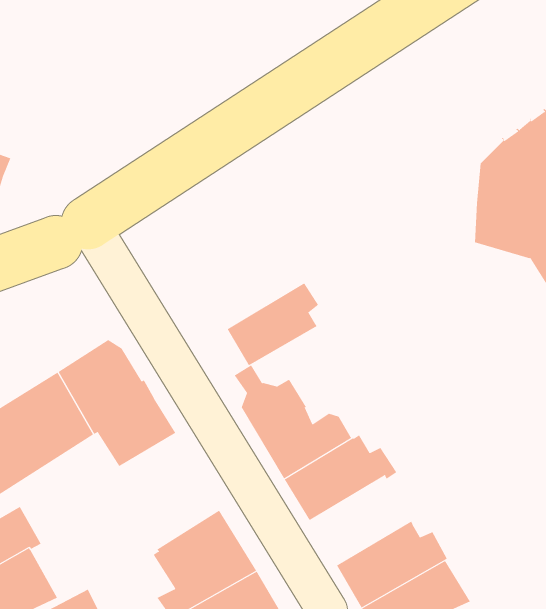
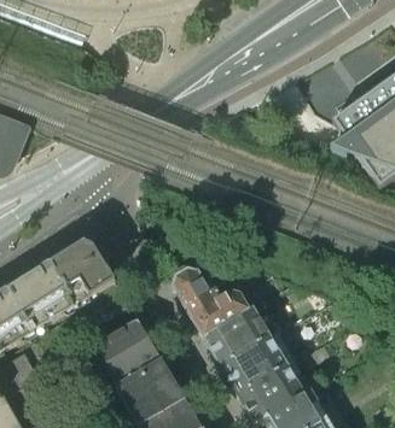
building: [227,283,319,366] -> none
building: none -> [94,315,158,377]
building: none -> [219,328,296,388]

